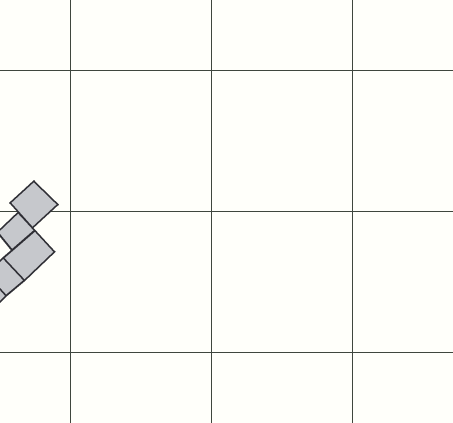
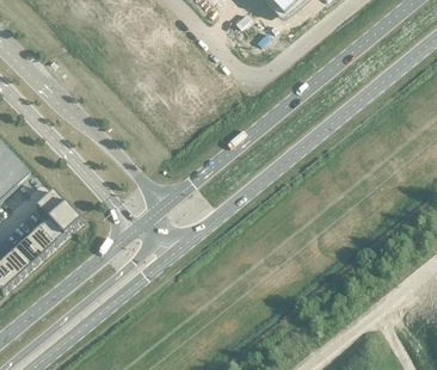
building: [10,181,58,228] -> none

